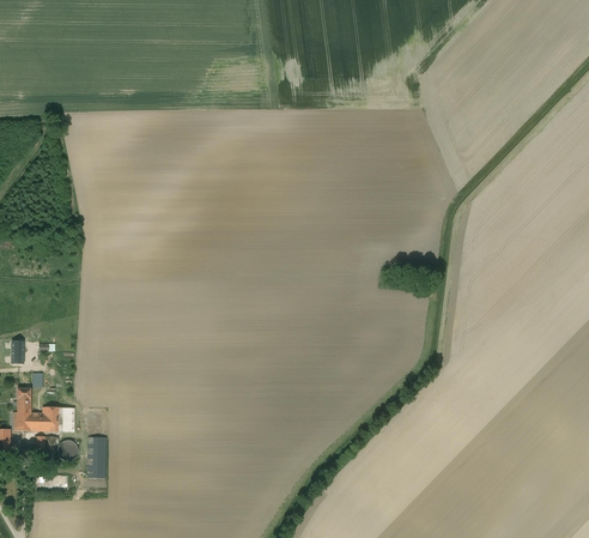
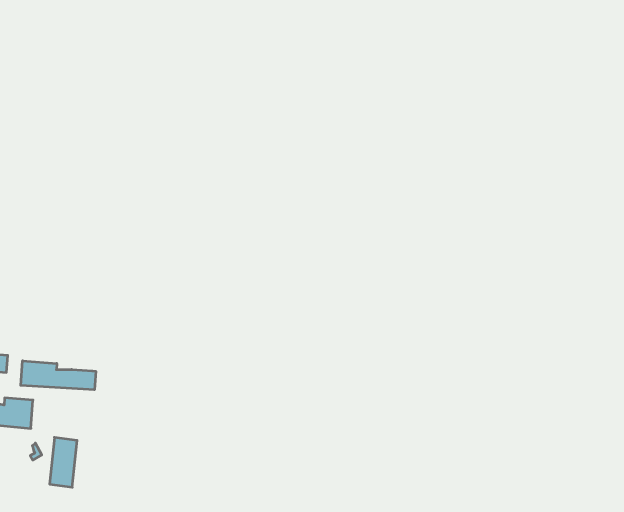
building: none -> [21,361,96,390]

